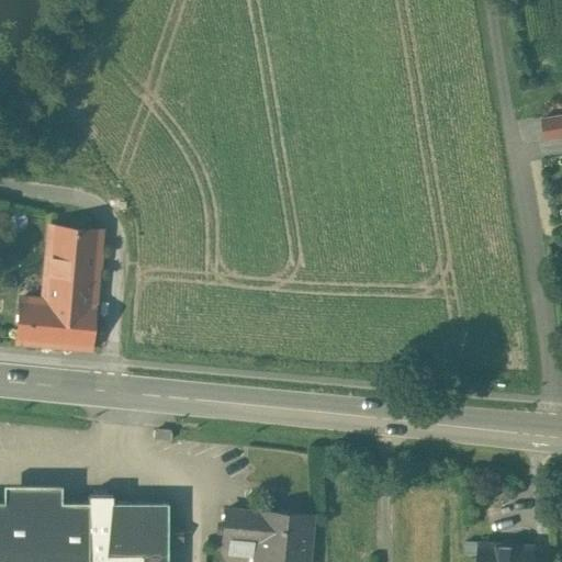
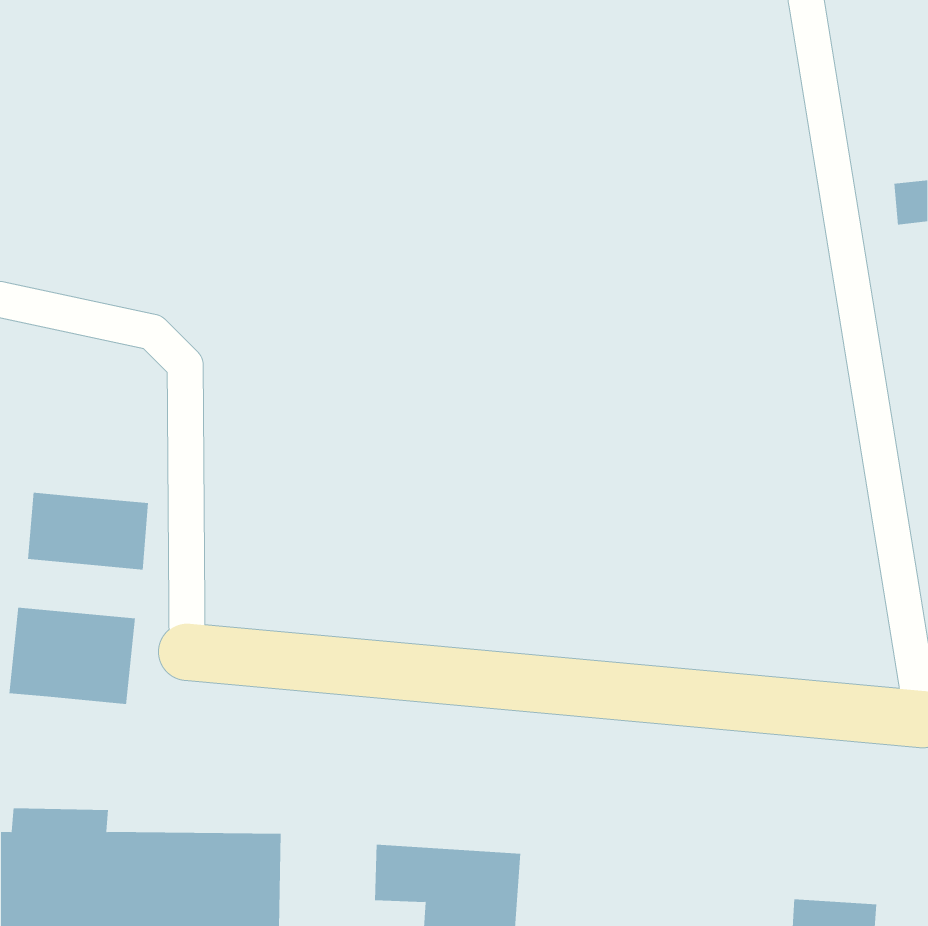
building: [43,226,97,305] -> none
building: none -> [9,607,136,705]

